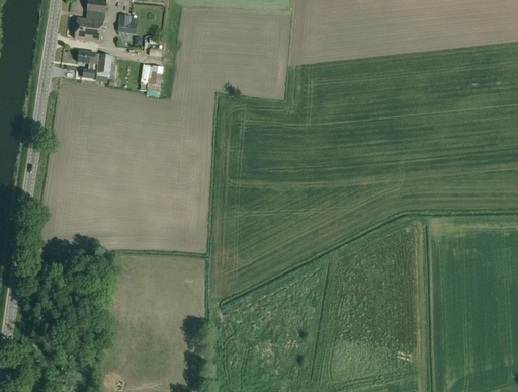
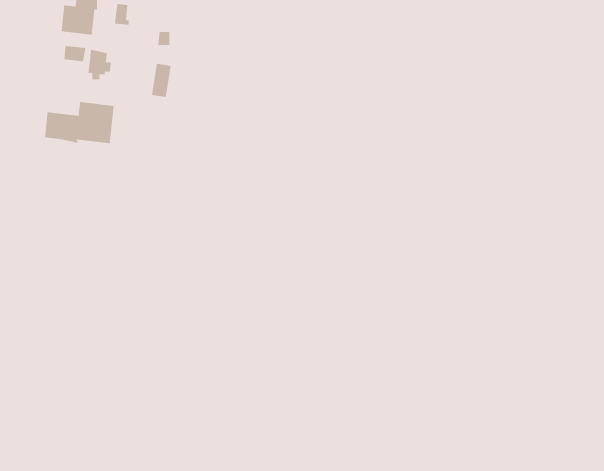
building: none -> [44,101,114,144]

